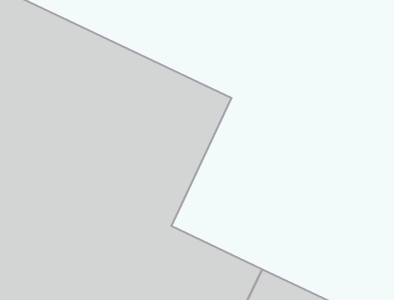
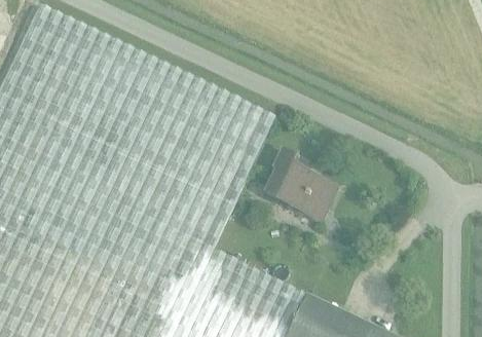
building: none -> [266,150,338,219]

